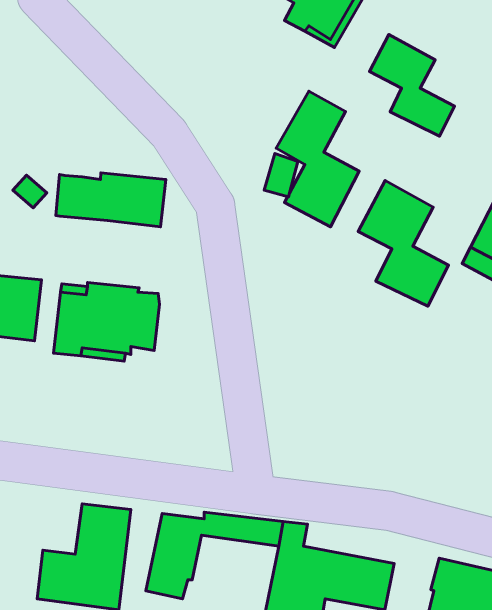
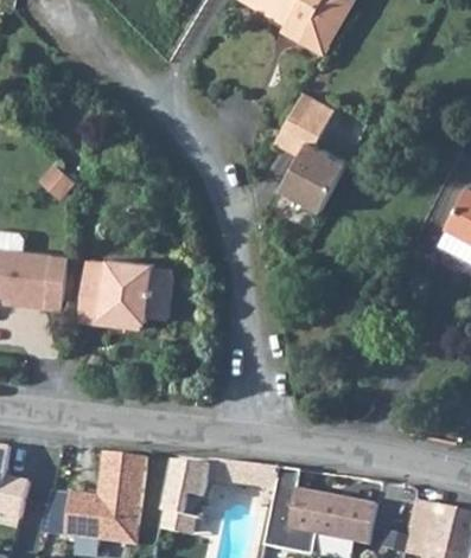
building: [369,35,455,136] -> none
building: [56,173,166,227] -> none
building: [358,181,449,306] -> none

